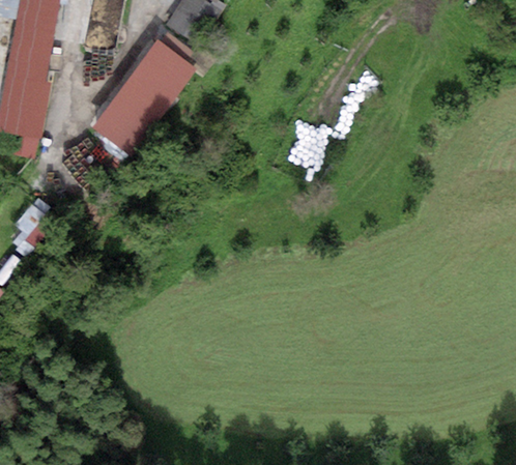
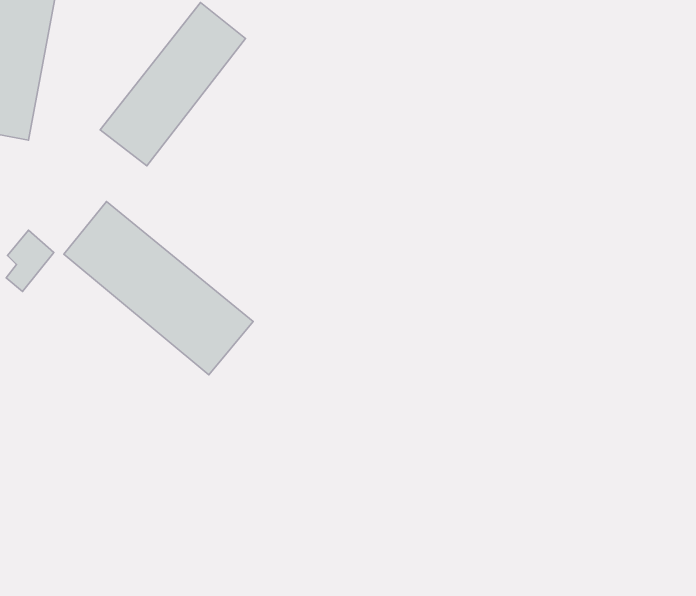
building: none -> [64,201,253,375]

